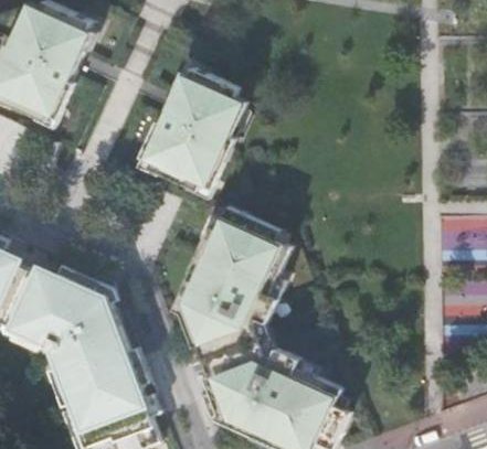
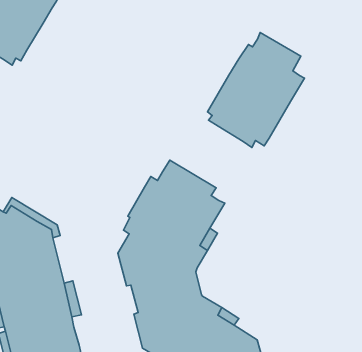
building: [144,65,244,190] -> [207,32,304,147]

